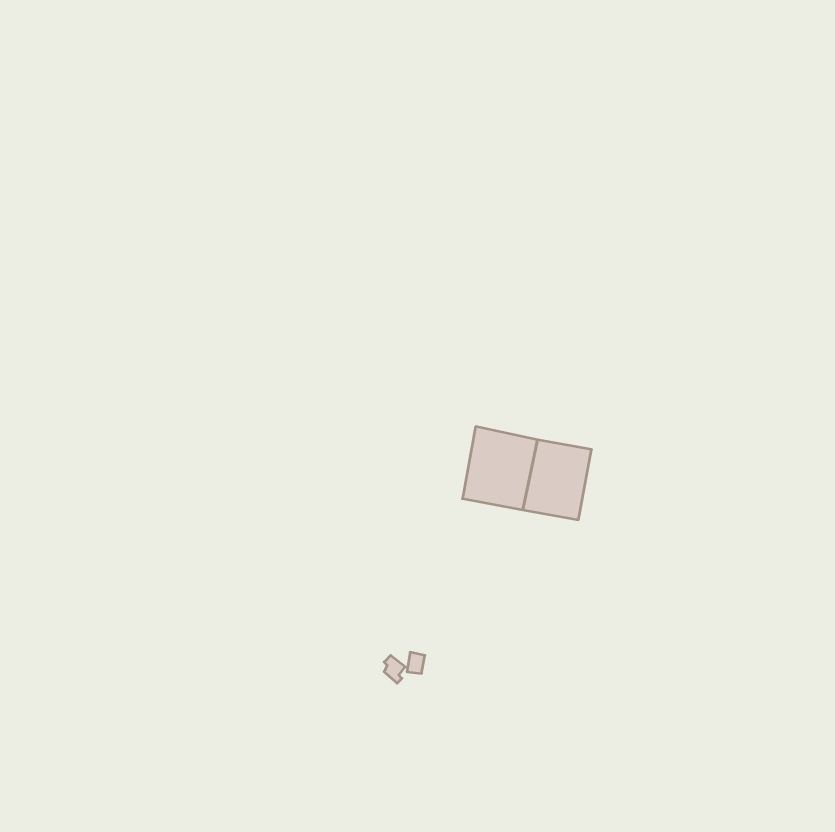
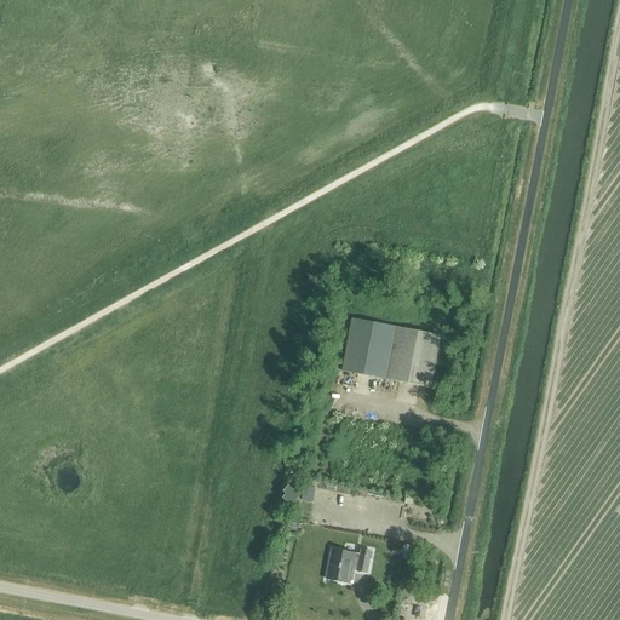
building: none -> [326,547,371,581]

